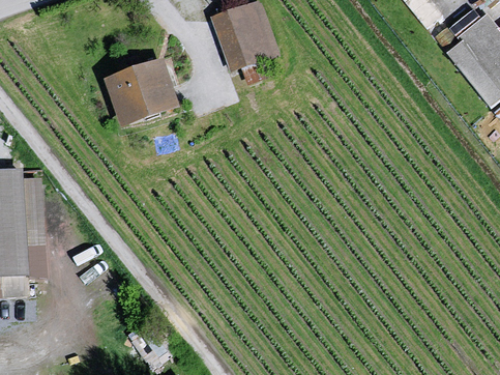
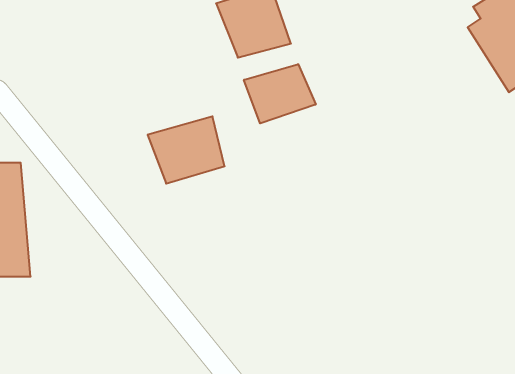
building: [100,61,174,125] -> [148,116,225,184]
building: none -> [244,64,316,123]

